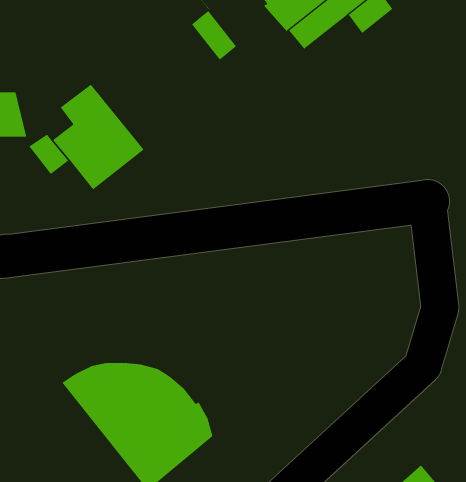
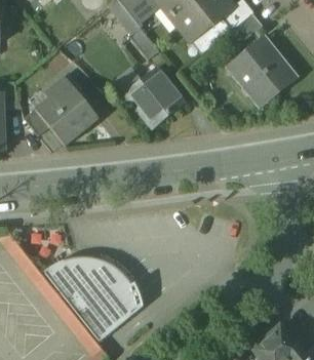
building: none -> [229,40,291,98]
building: none -> [122,68,185,130]

